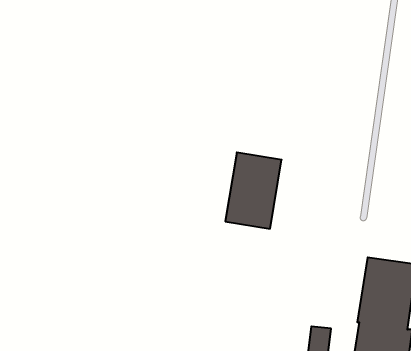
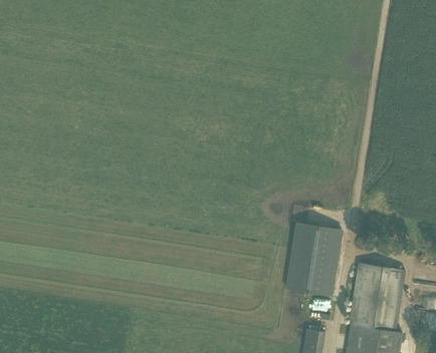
building: [225,152,282,229] -> [286,223,341,296]

